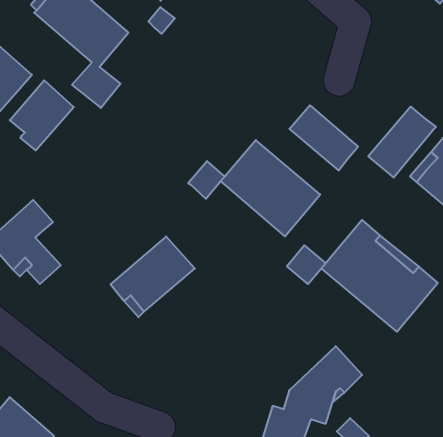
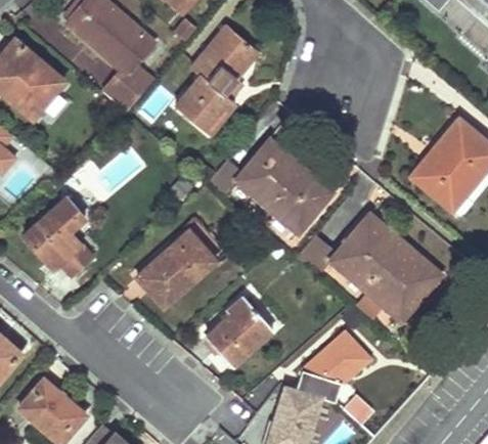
building: none -> [175,26,258,133]
building: [10,80,74,150] -> none
building: [289,105,358,171] -> none
building: [368,107,436,178] -> none
building: none -> [206,297,272,366]

